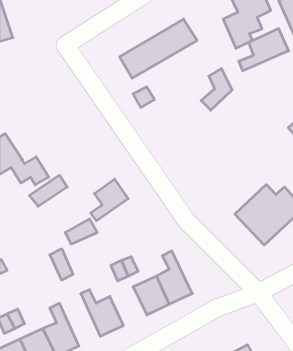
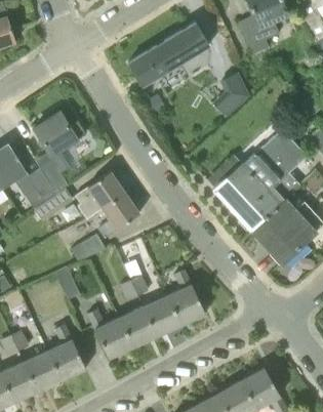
building: [239,28,289,71] -> none
building: none -> [34,112,86,191]
building: none -> [214,128,308,230]
building: none -> [76,172,124,219]
building: none -> [119,306,158,347]

